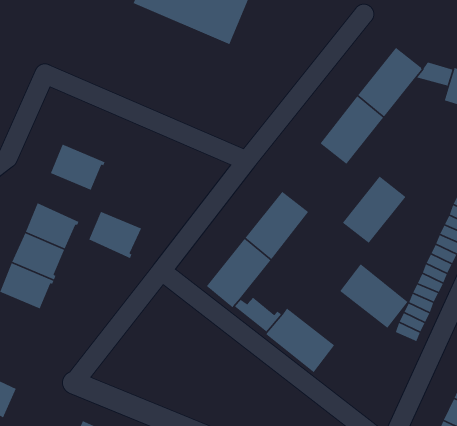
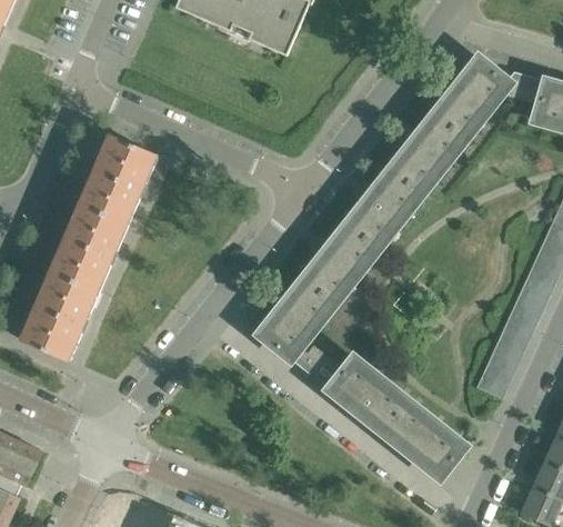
building: none -> [94,135,157,190]
building: [342,175,406,244] -> [348,169,422,248]
building: [88,211,142,259] -> [66,203,128,259]
building: [339,263,409,329] -> [384,401,464,477]

